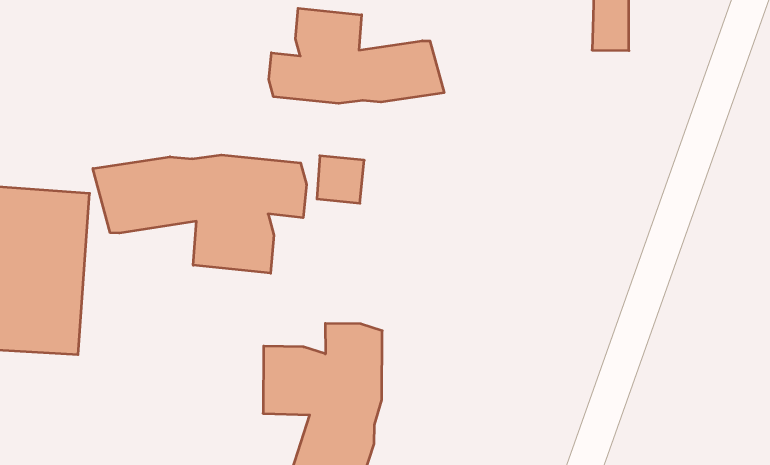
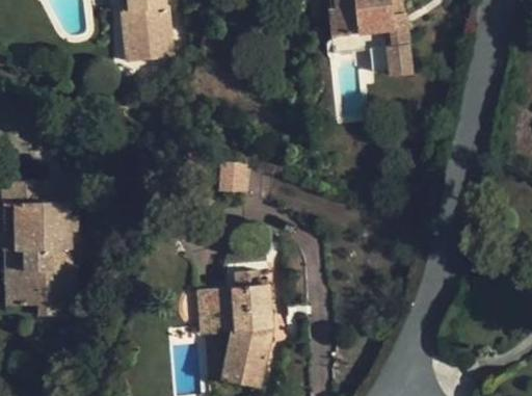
building: [269,8,444,103] -> none
building: [93,155,306,273] -> none

